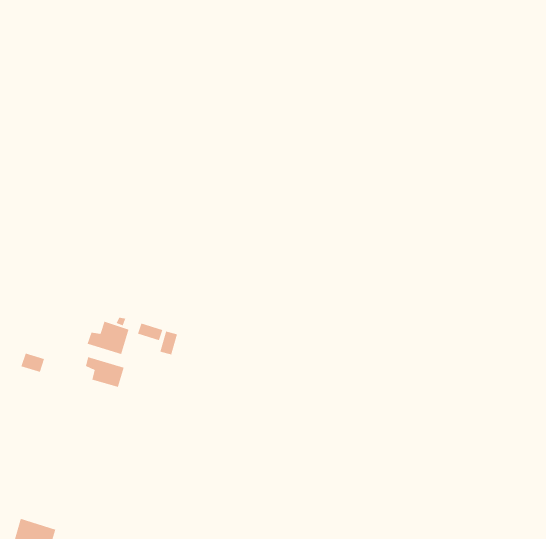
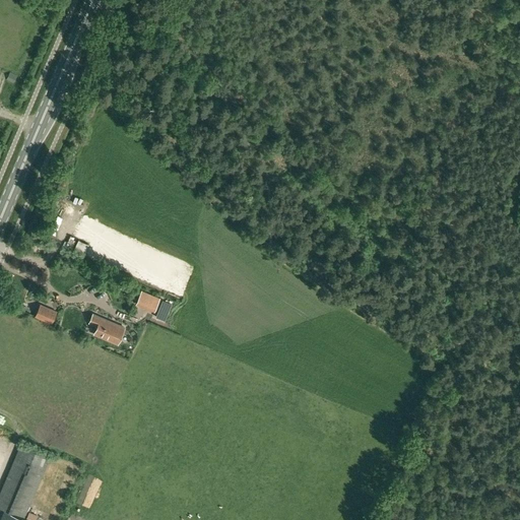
building: [87,321,129,355] -> none

